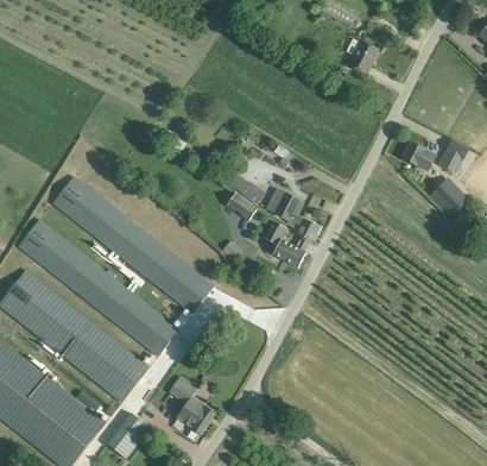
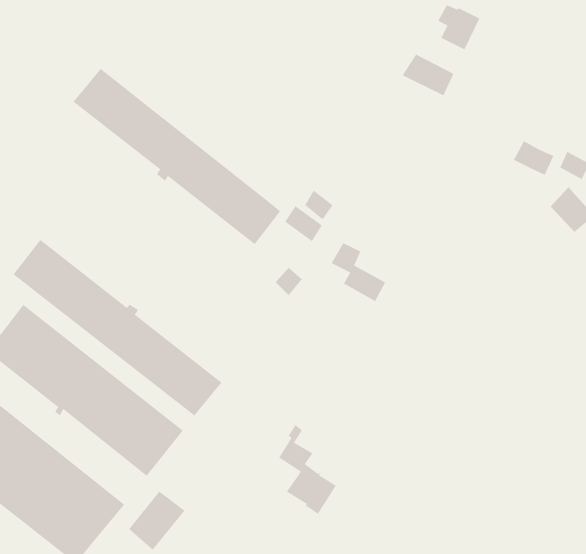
building: none -> [401,53,454,97]
building: [52,176,213,313] -> [73,68,281,245]
building: [266,187,320,241] -> none
building: [170,365,215,435] -> [278,424,337,515]

